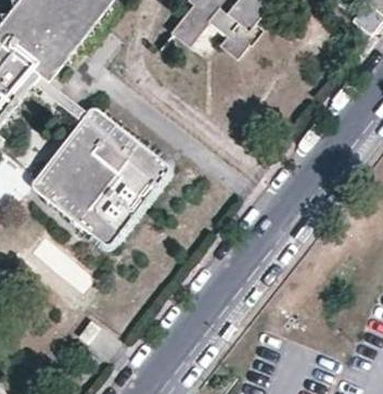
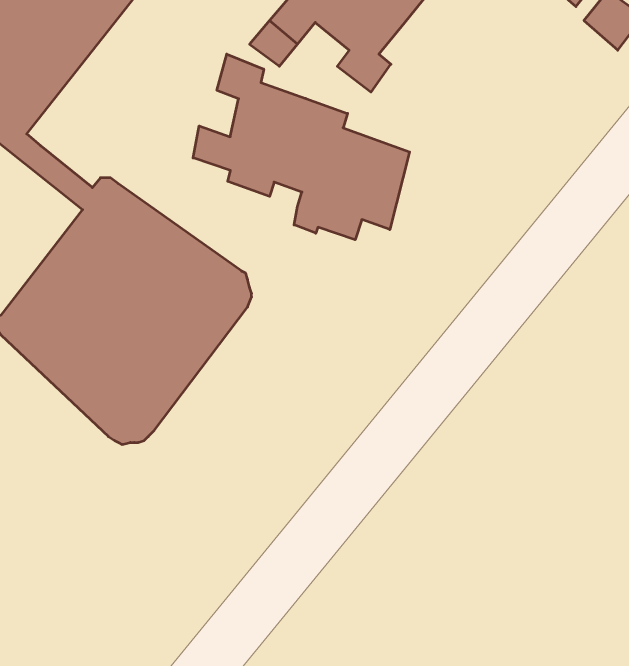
building: none -> [193,54,410,240]

